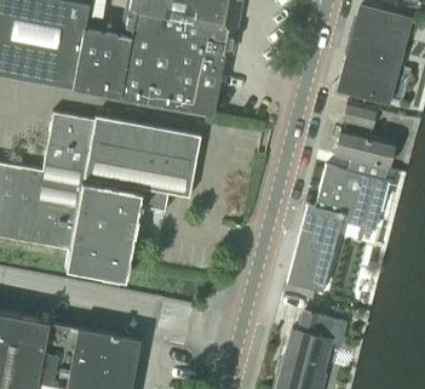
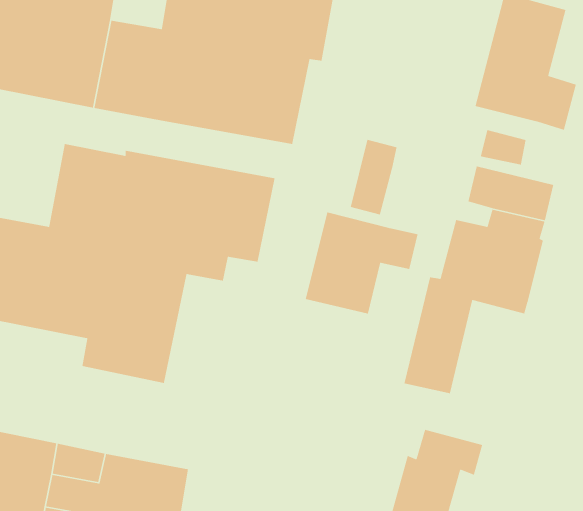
building: none -> [350,139,398,215]
building: none -> [305,211,419,314]

